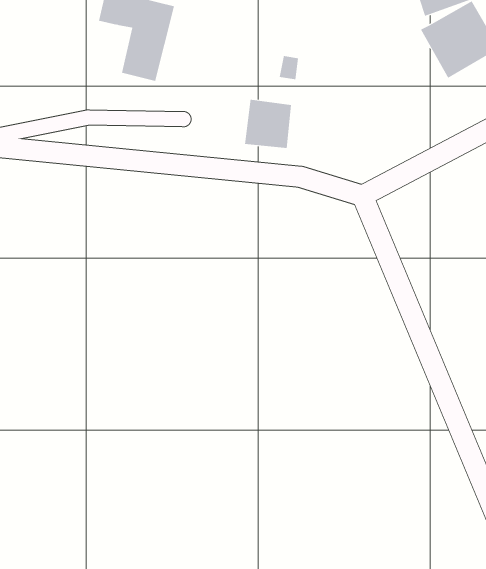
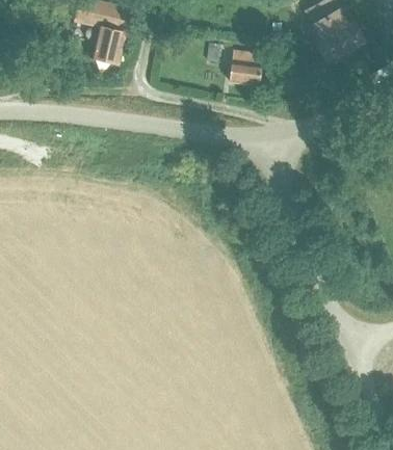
building: [244,99,292,148] -> [229,50,263,85]

